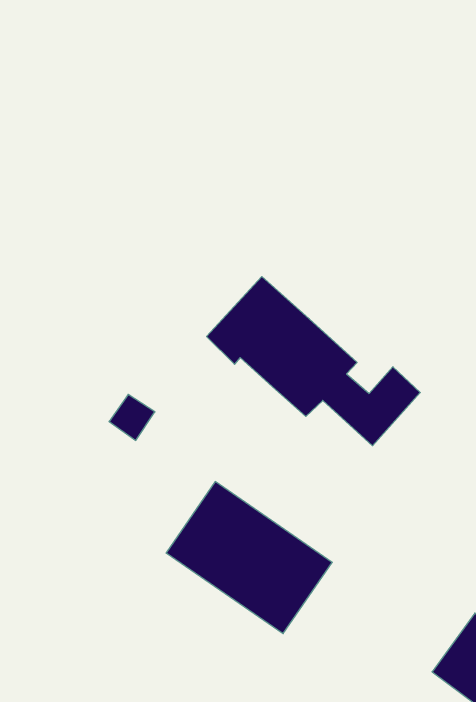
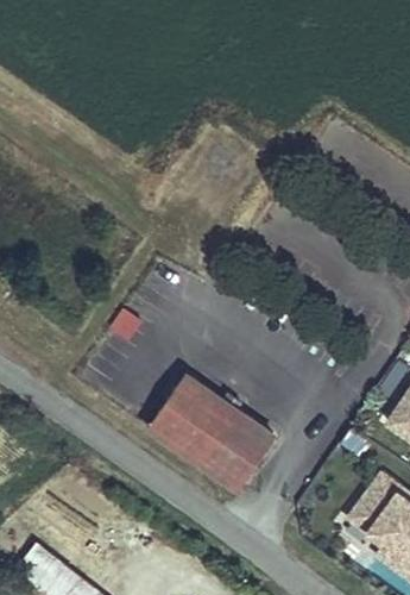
building: [207,277,420,446] -> none

